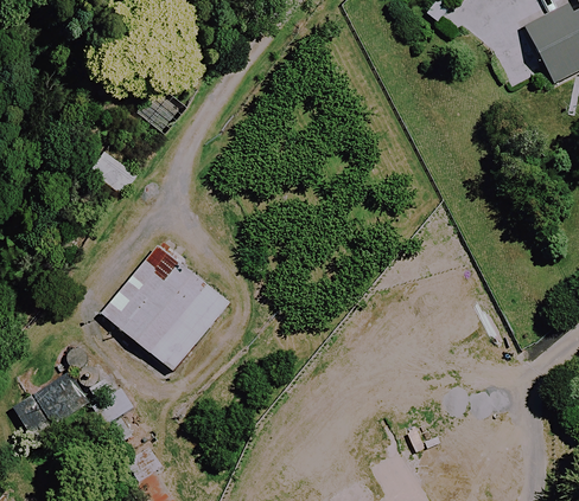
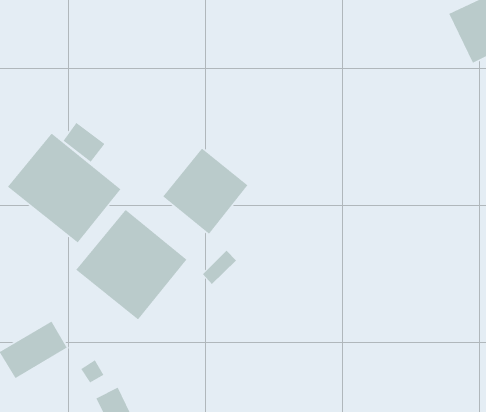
building: none -> [7,133,121,243]
building: none -> [162,148,249,235]

